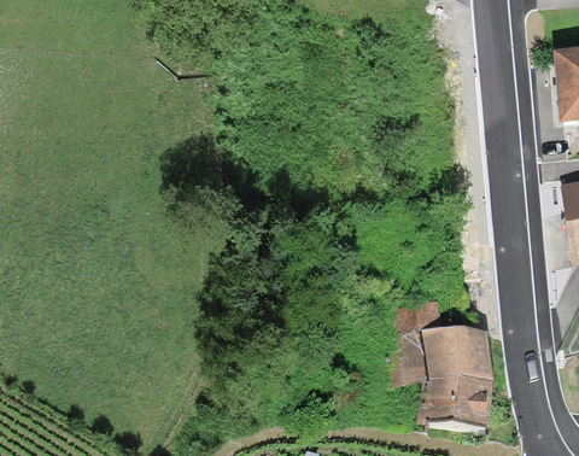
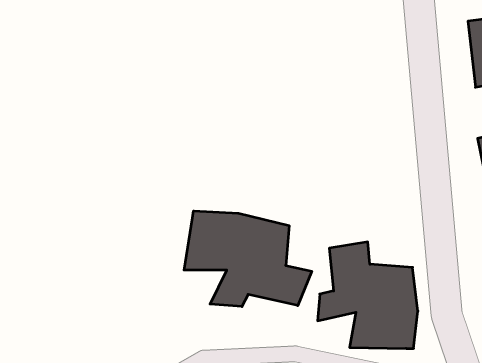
building: none -> [184,211,312,307]

